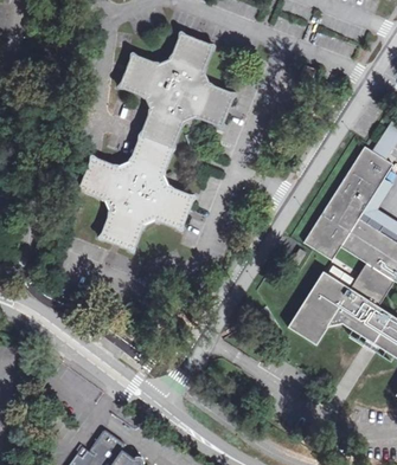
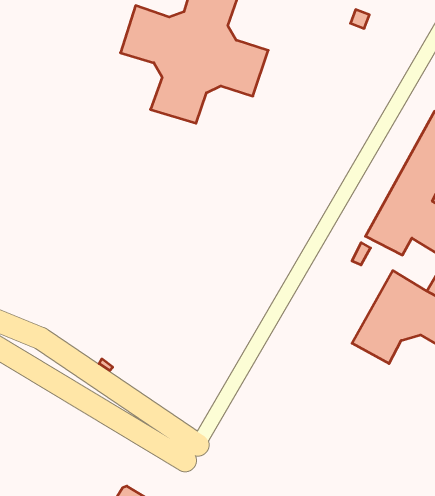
building: [77,134,196,251] -> none

